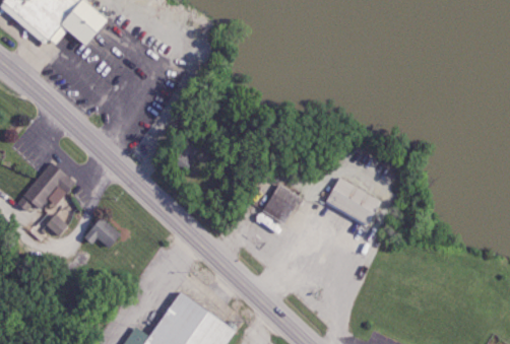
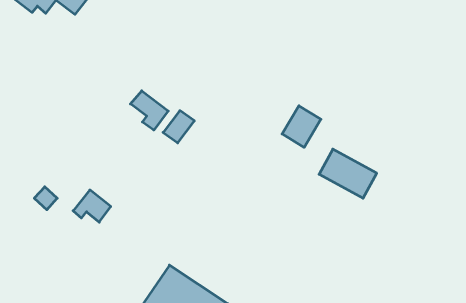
building: none -> [130,91,168,130]
building: [17,163,75,212] -> none
building: [263,184,301,224] -> [282,106,321,147]

